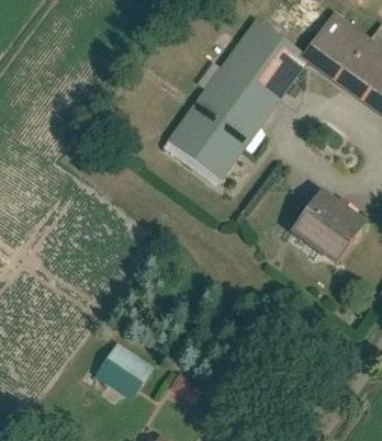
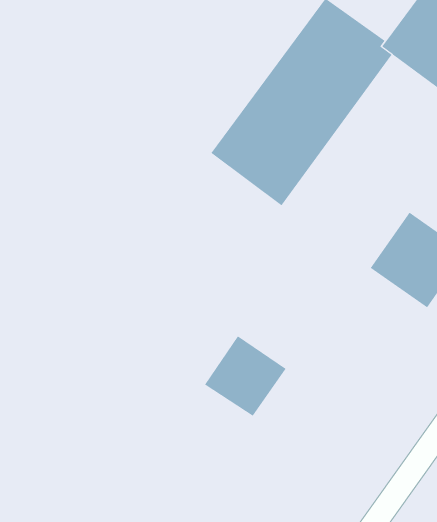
building: [90,340,155,404] -> [204,335,287,417]

